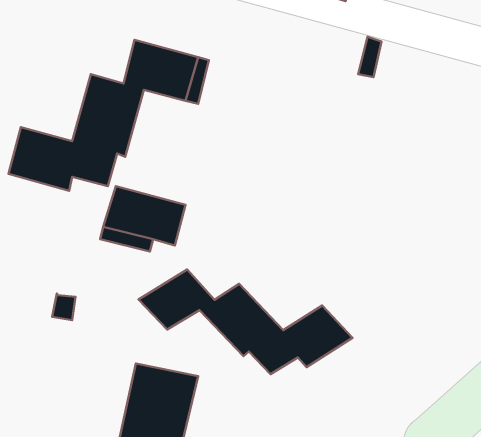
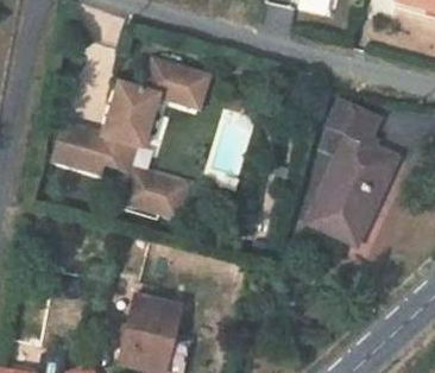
building: none -> [305,95,393,234]
building: [138,269,352,374] -> none

